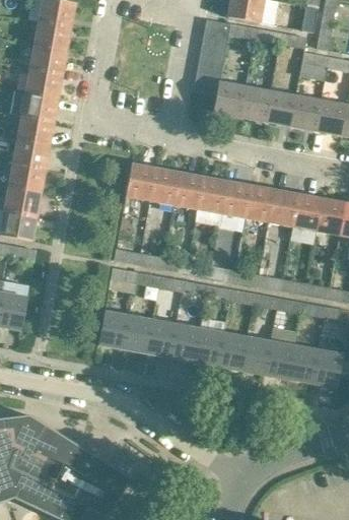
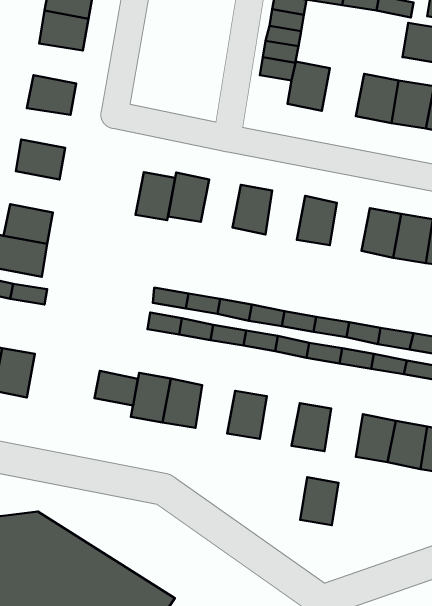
building: [25,67,62,96] -> none
building: [238,85,270,121] -> none
building: [16,115,53,144] -> none
building: [8,161,45,192] -> none
building: [149,168,179,203] -> [136,172,175,220]
building: [194,176,226,224] -> none
building: [245,185,274,220] -> none
building: none -> [95,371,138,406]
building: [145,320,174,355] -> none
building: [193,328,222,365] -> none
building: [240,337,269,373] -> [300,477,339,525]

